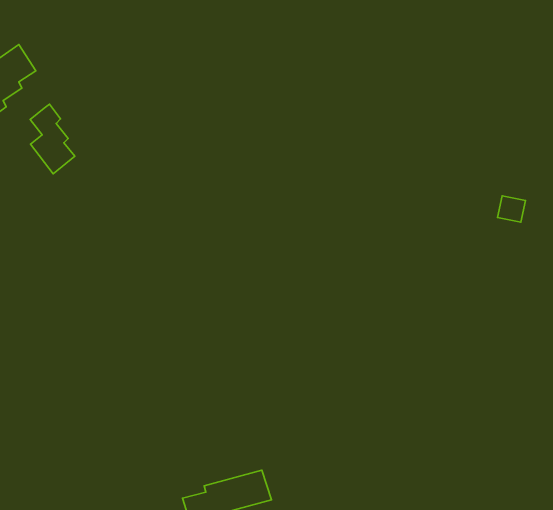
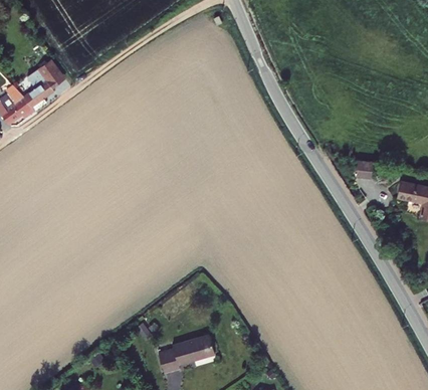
building: [30,104,75,174] -> none

